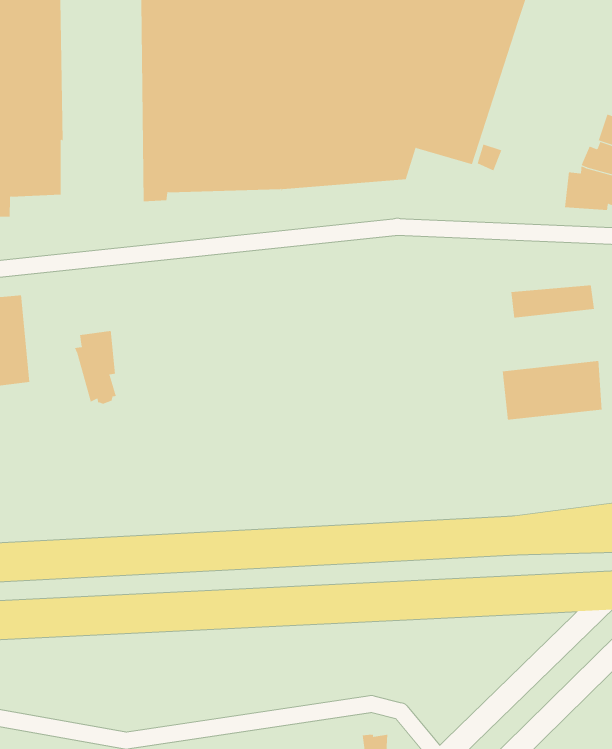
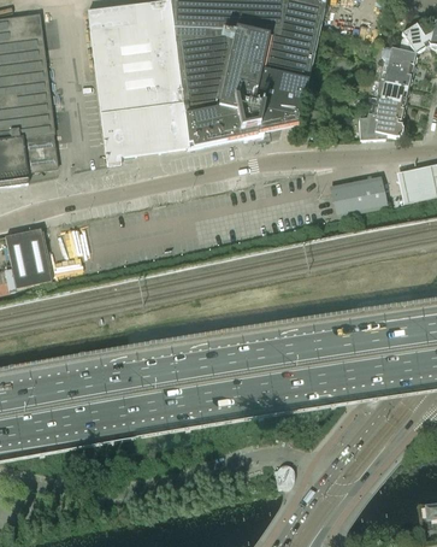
building: [74,330,116,405] -> none
building: [502,360,602,420] -> none

